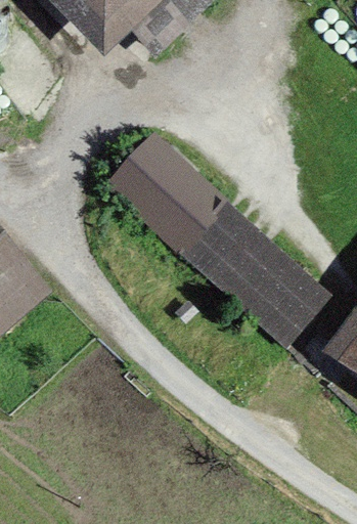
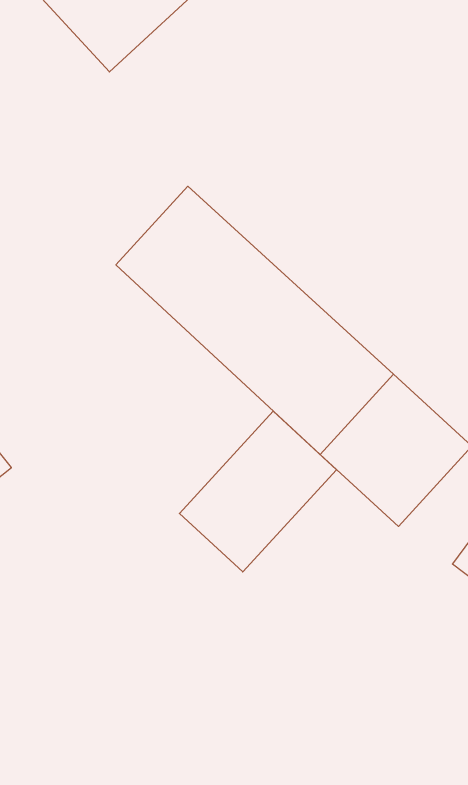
building: none -> [179,411,337,572]

